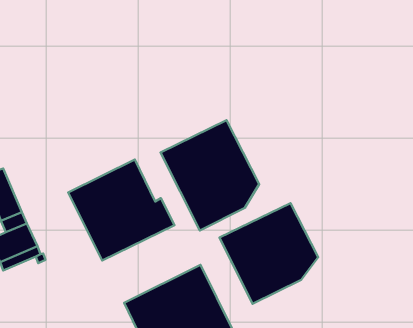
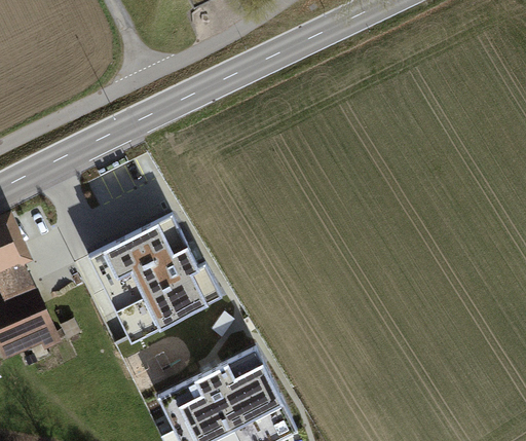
building: [161,120,259,231] -> none
building: [220,203,318,304] -> none

